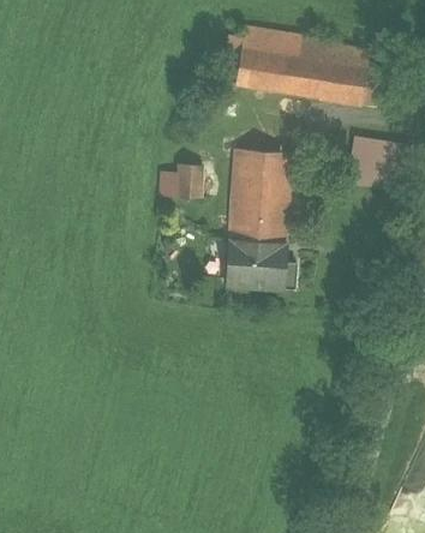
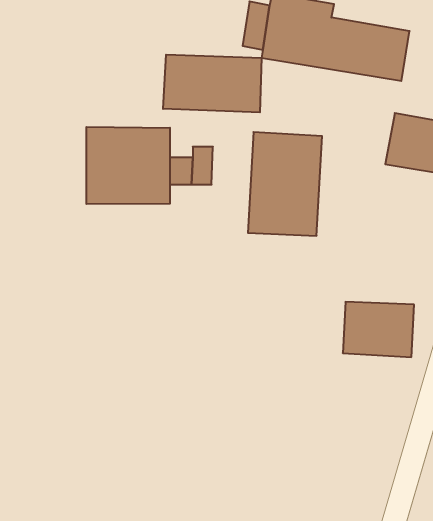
building: none -> [163,55,261,112]
building: none -> [86,127,170,204]
building: [226,240,289,289] -> [343,302,414,357]

